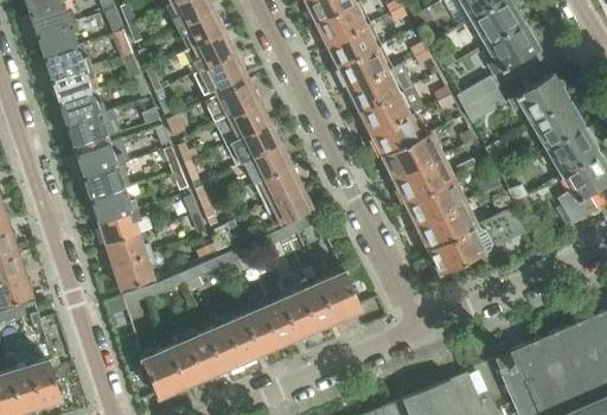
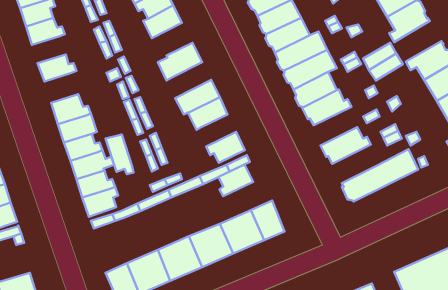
building: [193,52,248,95] -> none
building: [51,66,98,102] -> none
building: [216,101,270,145] -> none
building: [66,111,109,151] -> none
building: [396,155,451,203] -> none
building: [258,165,301,204] -> [218,164,253,196]
building: none -> [106,134,134,174]
building: [418,202,473,250] -> none

